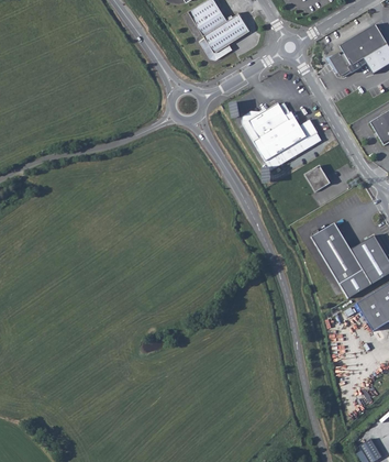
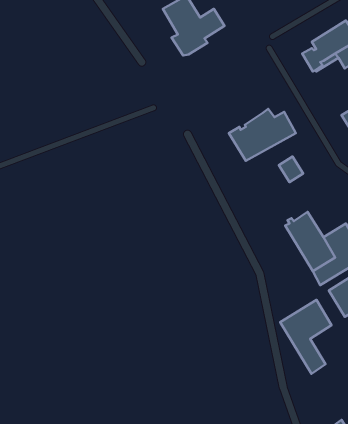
building: [241,102,288,141] -> none
building: none -> [280,300,332,374]

